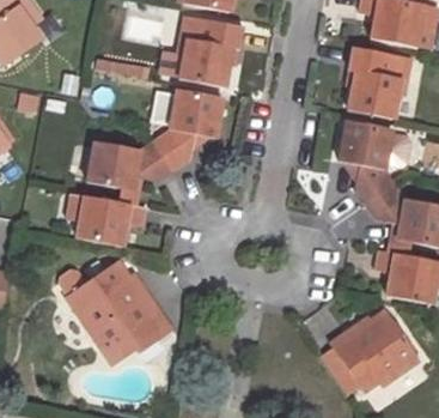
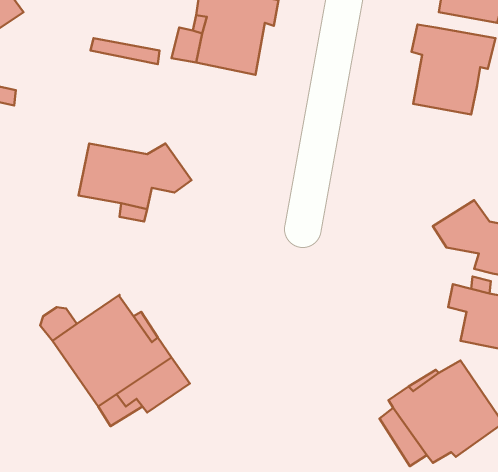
building: [156,87,224,169] -> none
building: [341,121,397,205] -> none
building: [67,194,145,247] -> none

